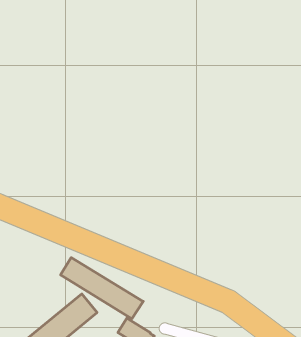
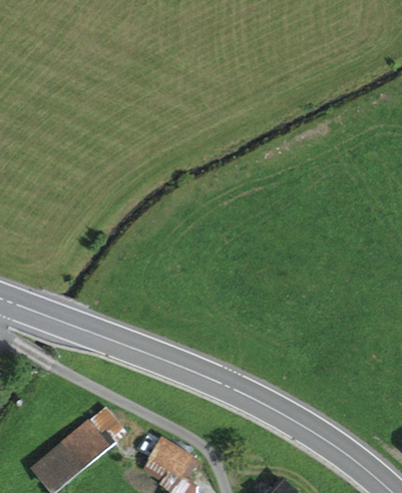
building: [61,258,143,319] -> none

